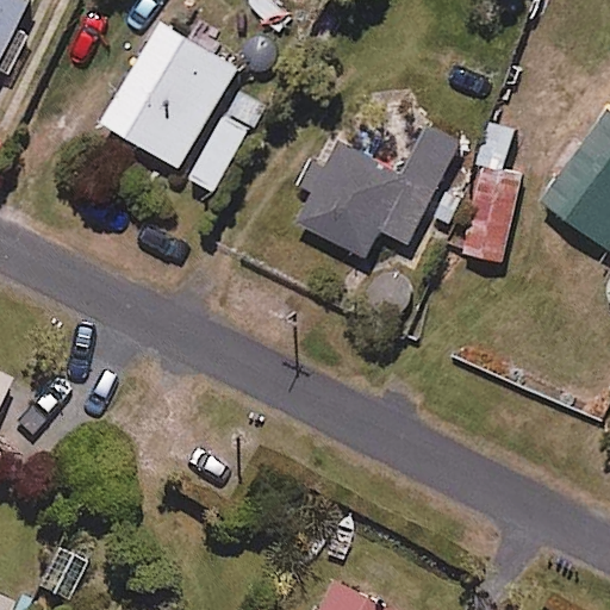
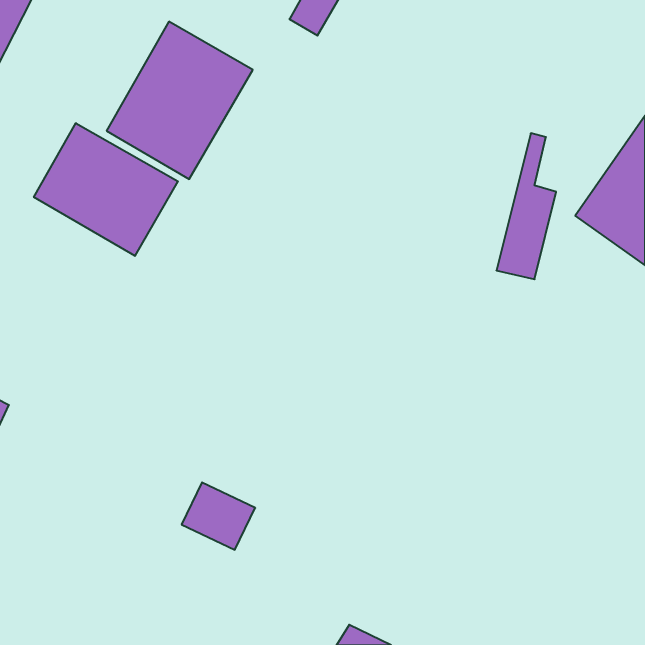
building: none -> [34,123,178,256]
building: [297,126,459,257] -> none

